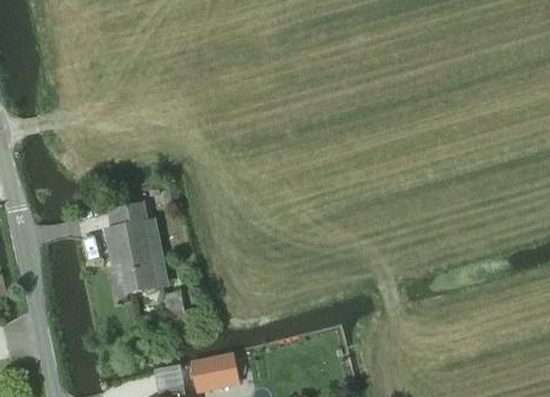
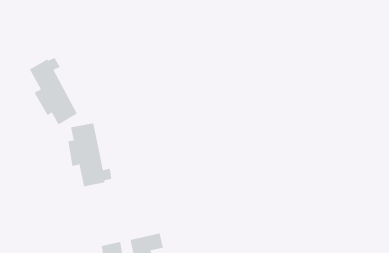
building: none -> [29,57,78,126]

